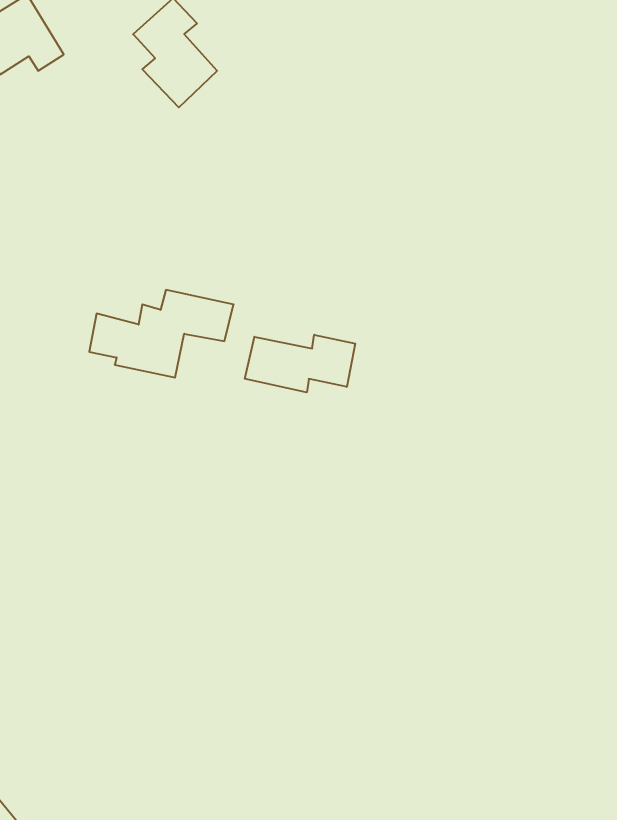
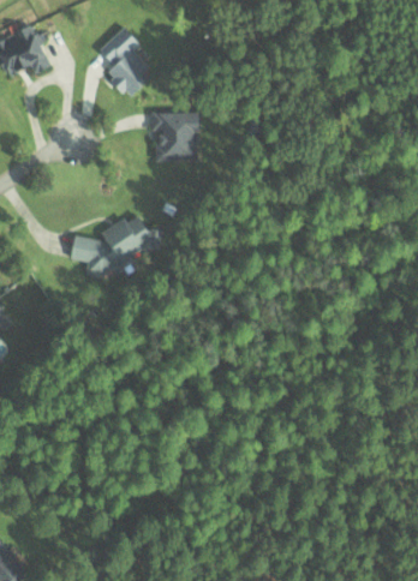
building: none -> [153,112,199,162]
building: [245,335,355,392] -> none

